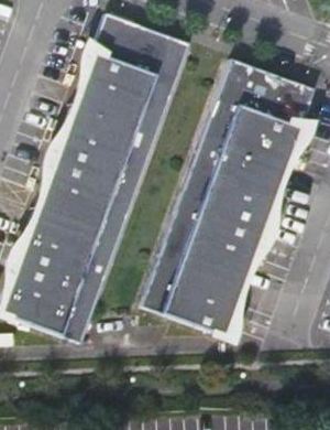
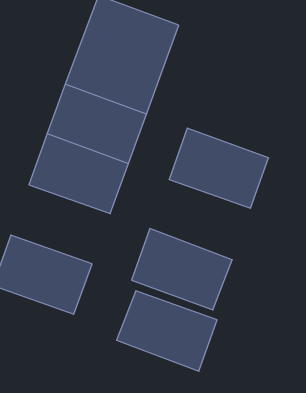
building: [199,60,316,181] -> none
building: [161,203,264,286] -> [117,291,217,371]
building: [18,208,120,290] -> none

